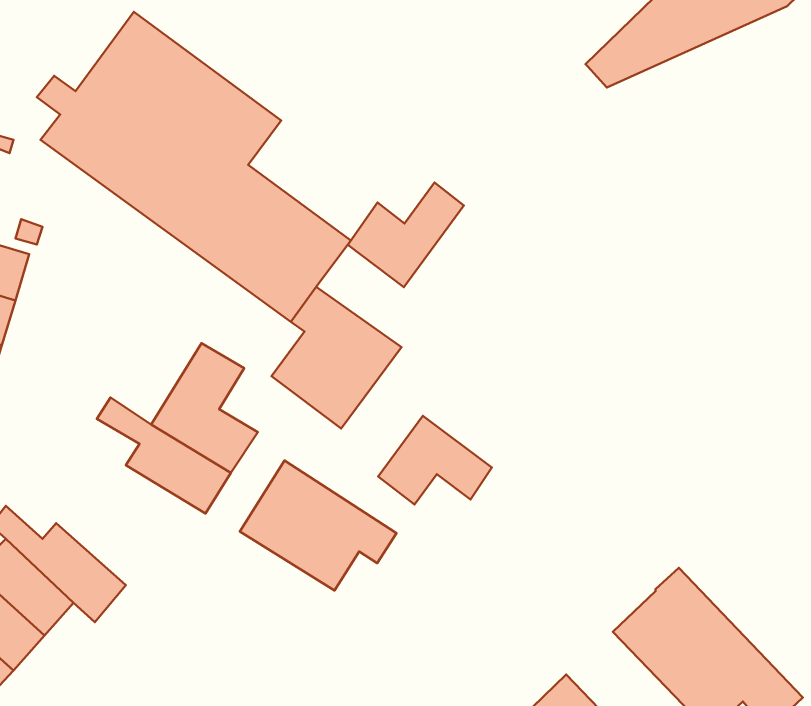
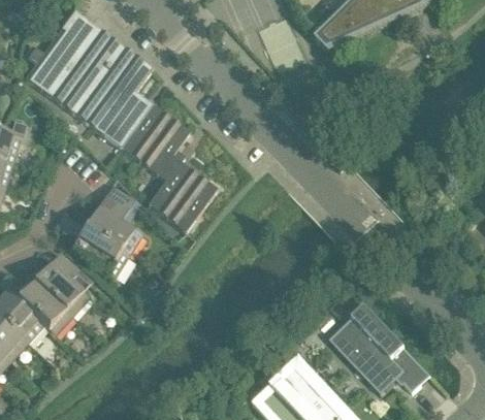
building: [348,183,464,287] -> none
building: [378,416,492,504] -> none
building: [240,461,397,591] -> none
building: none -> [32,251,90,313]

